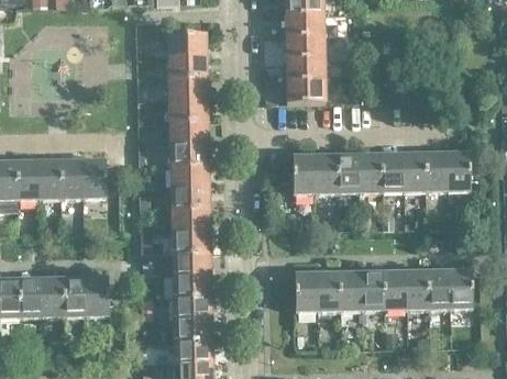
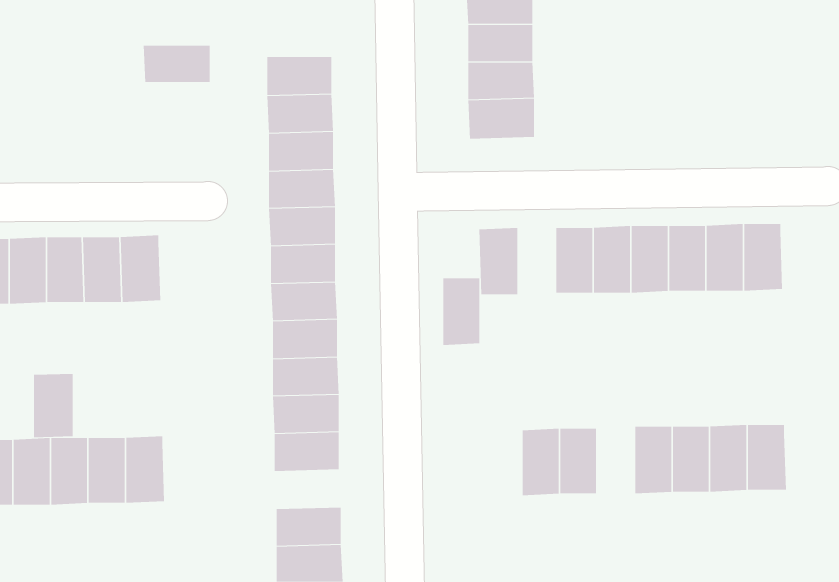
building: [166,32,206,54] -> [143,45,210,83]
building: [315,154,337,193] -> [442,278,480,346]
building: none -> [34,373,73,438]
building: [361,270,383,310] -> none
building: [294,272,317,311] -> none
building: [172,296,211,319] -> none

